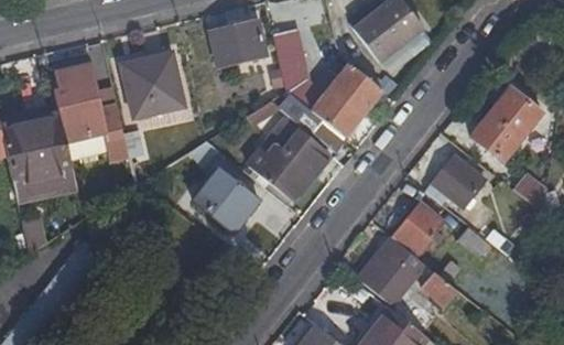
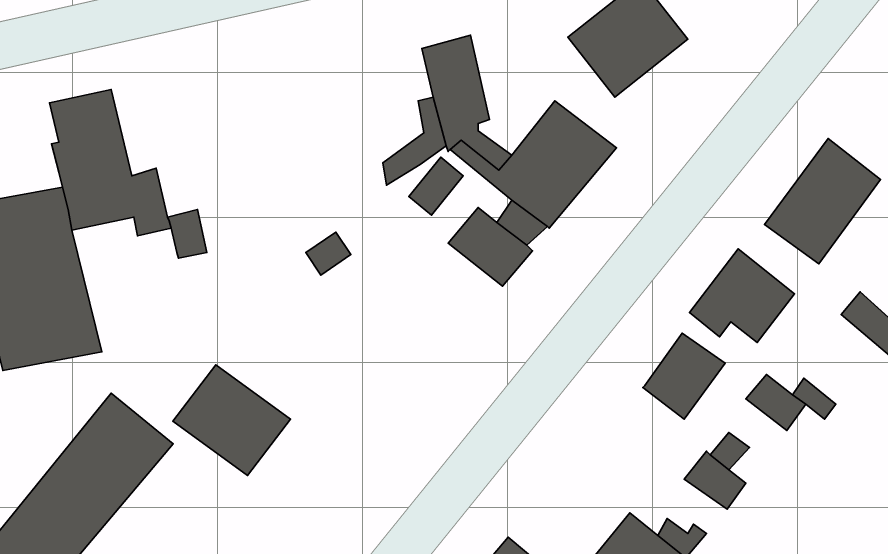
building: [204,20,262,67] -> none
building: [115,51,178,117] -> none
building: [245,143,315,201] -> none
building: [188,170,258,235] -> [173,365,291,475]
building: [358,245,420,308] -> none

